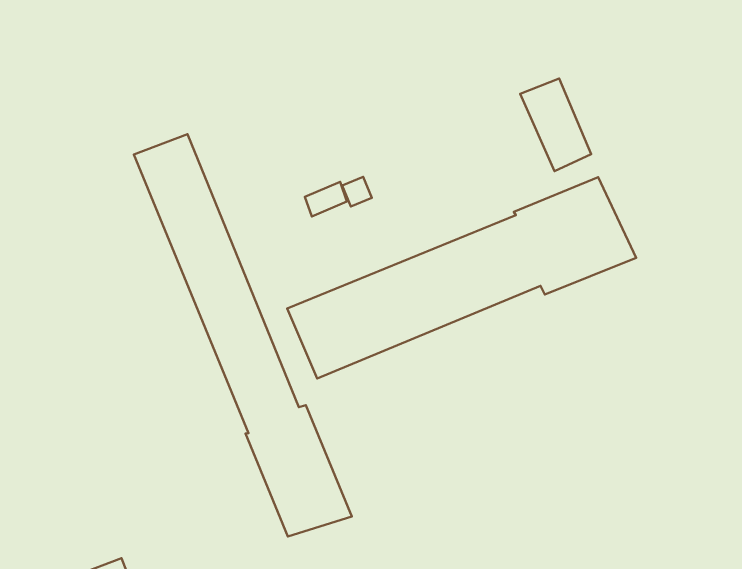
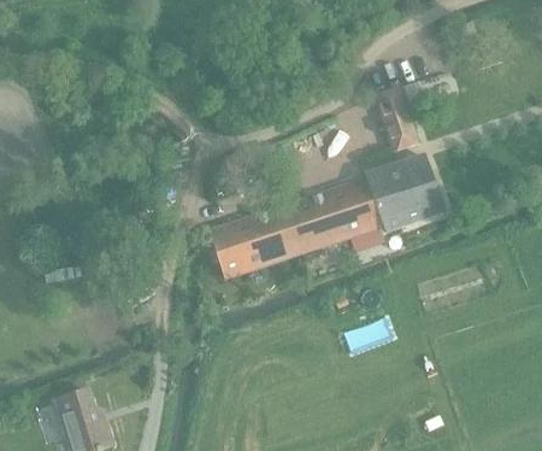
building: [134,134,352,537] -> none

